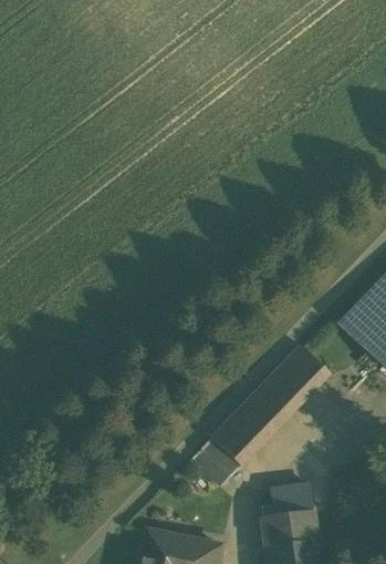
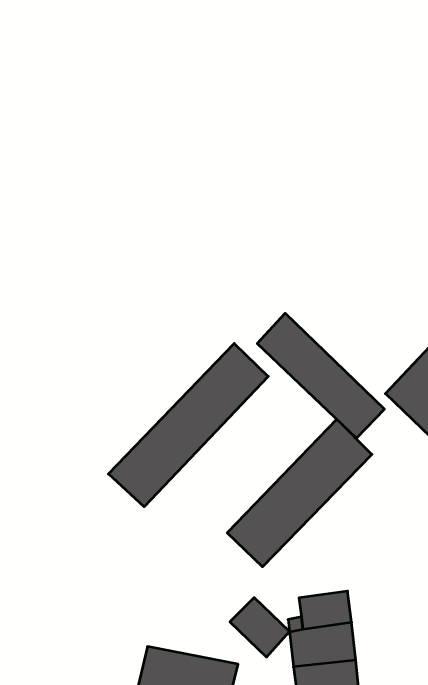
building: none -> [257,313,384,438]
building: none -> [108,343,268,507]
building: [191,438,240,486] -> [230,598,289,657]

